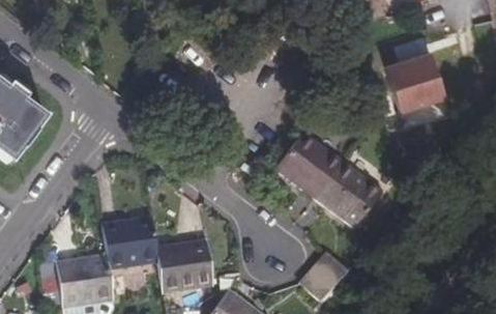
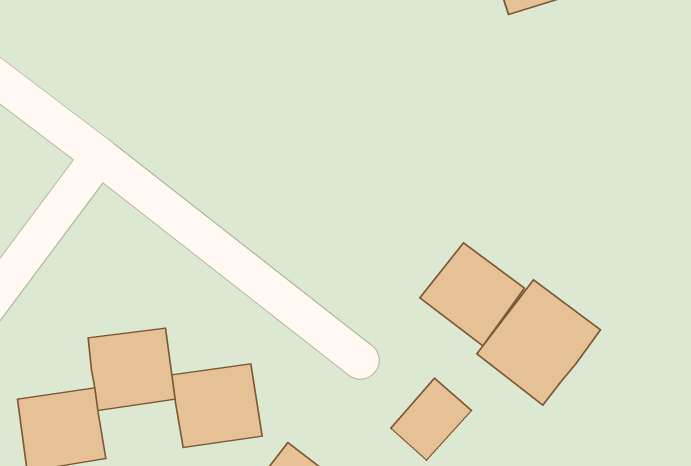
building: [383,45,441,107] -> none
building: [279,132,343,195] -> none
building: none -> [477,280,600,405]

